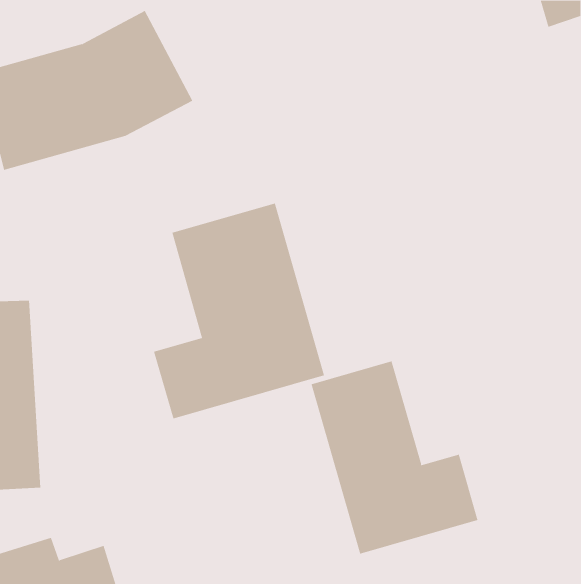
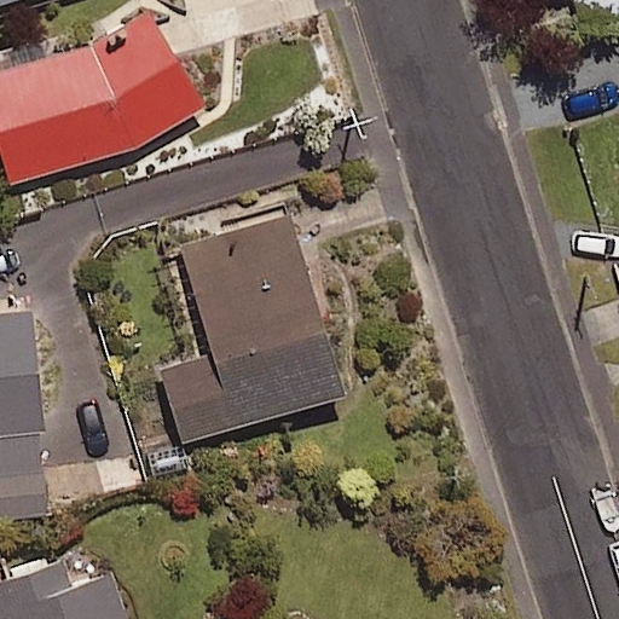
building: [311,361,478,554] -> none

